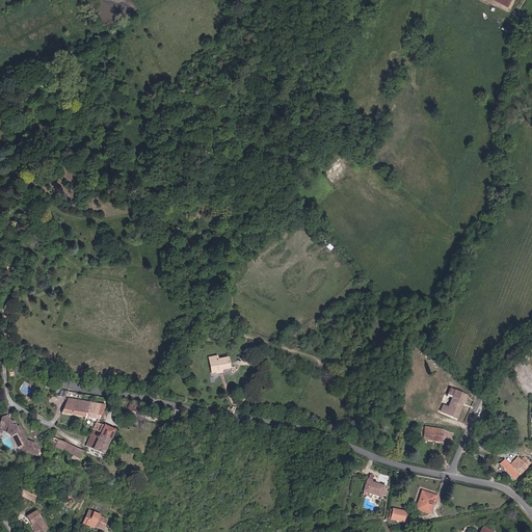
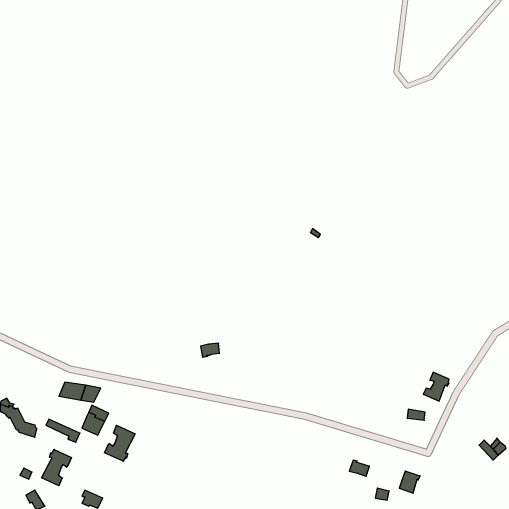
building: none -> [104,425,135,461]
building: none -> [42,449,72,486]

